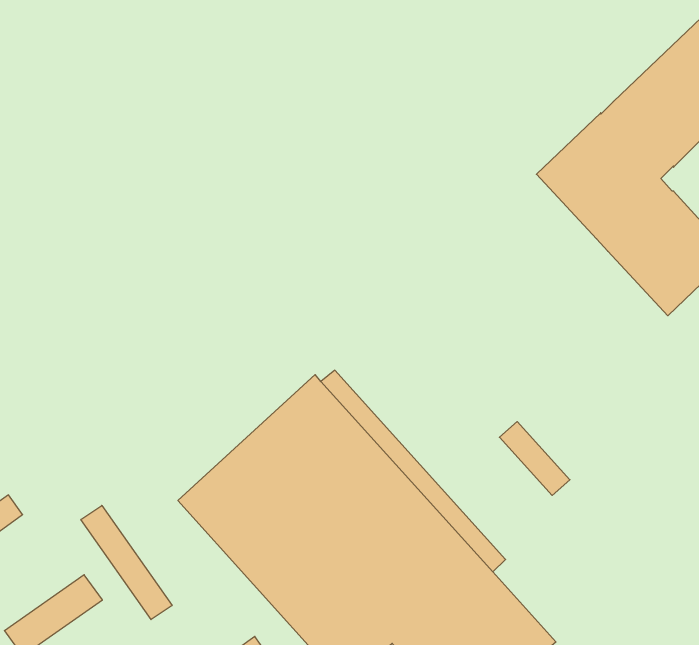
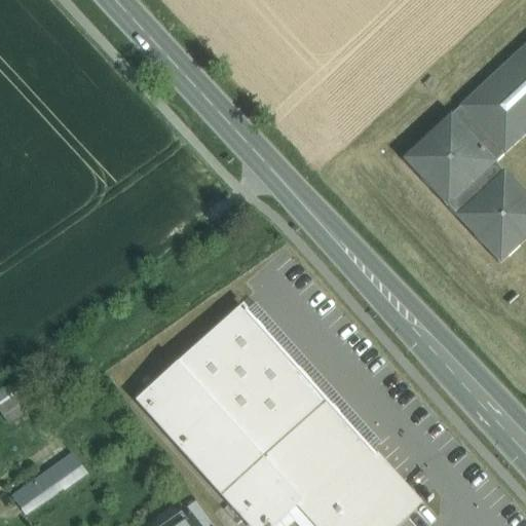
building: [499,422,570,495] -> none
building: [81,505,172,620] -> none

